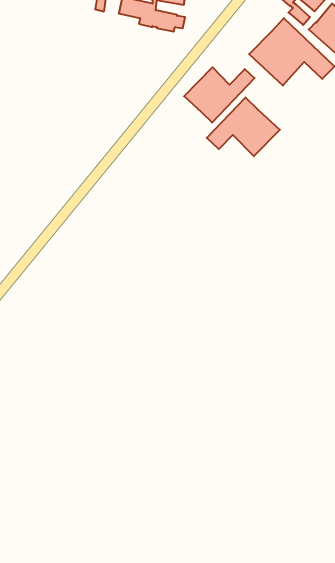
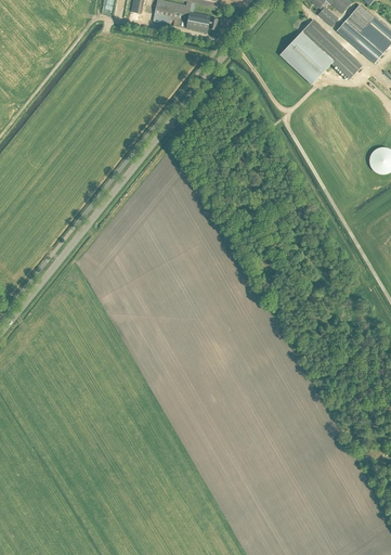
building: [184,67,255,123] -> none
building: [207,97,280,156] -> none

